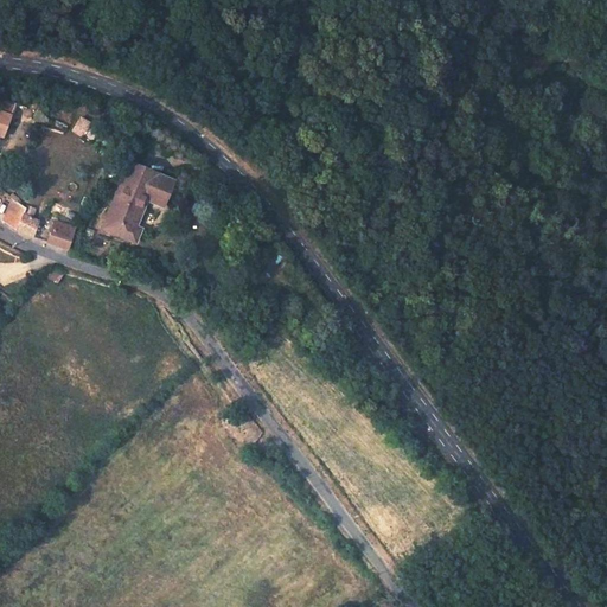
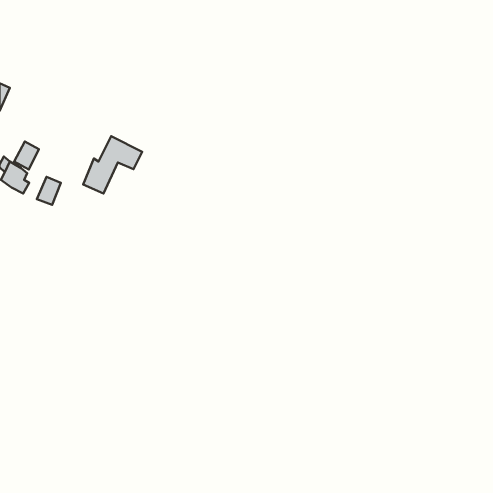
building: none -> [14,142,39,170]

